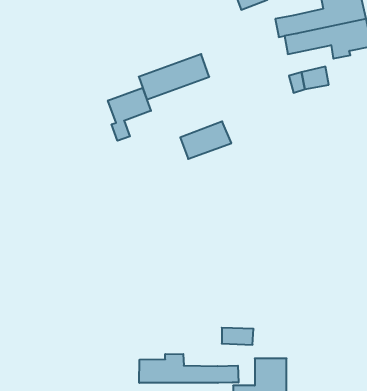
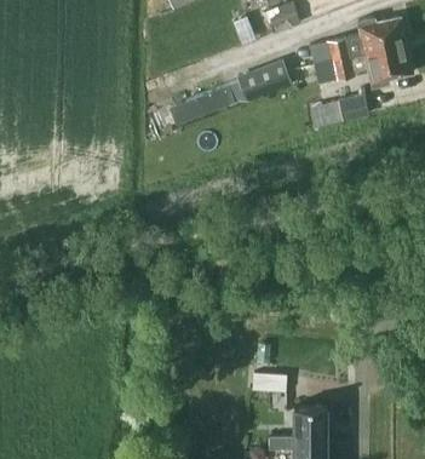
building: [108,88,151,141] -> none
building: [180,121,231,159] -> [239,59,293,99]
building: [139,354,238,383] -> none

